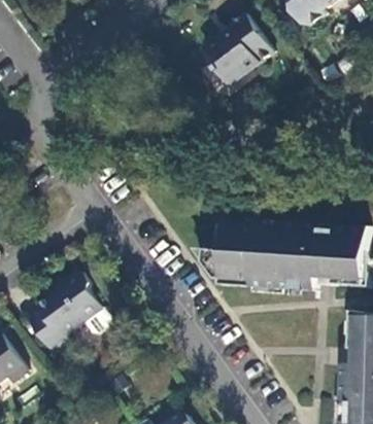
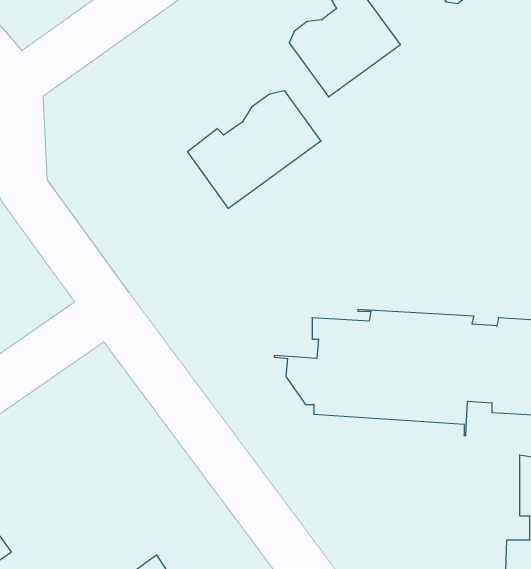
building: none -> [187,91,321,208]
building: [29,273,103,352] -> none

